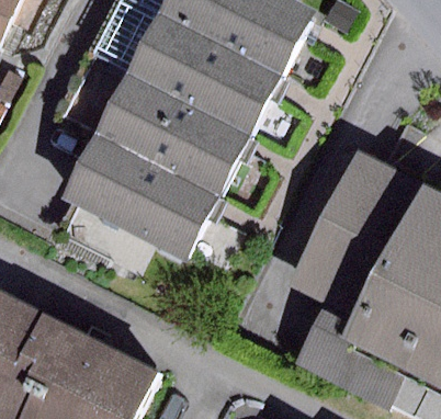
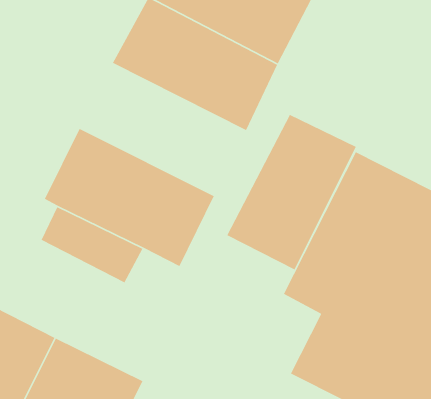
building: [97,69,253,193] -> none
building: none -> [226,114,357,270]

